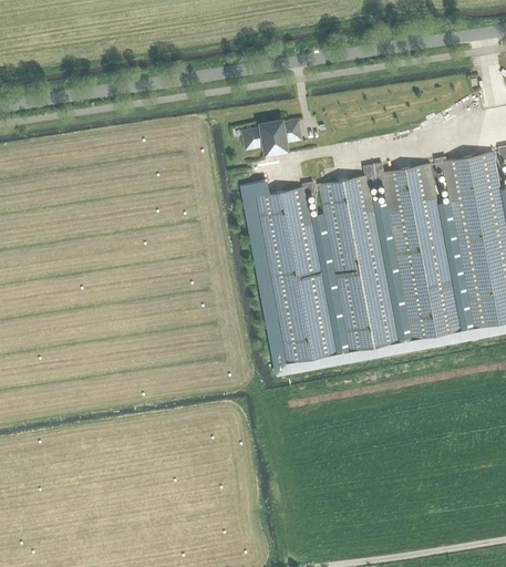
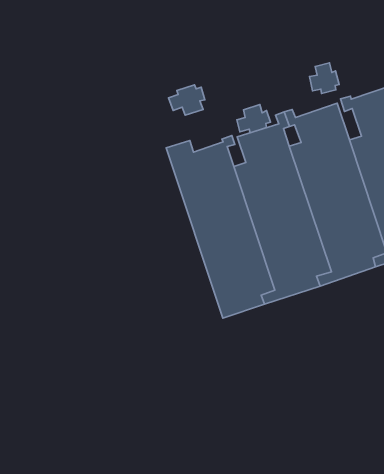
building: none -> [310,63,339,94]
building: none -> [237,105,270,133]

